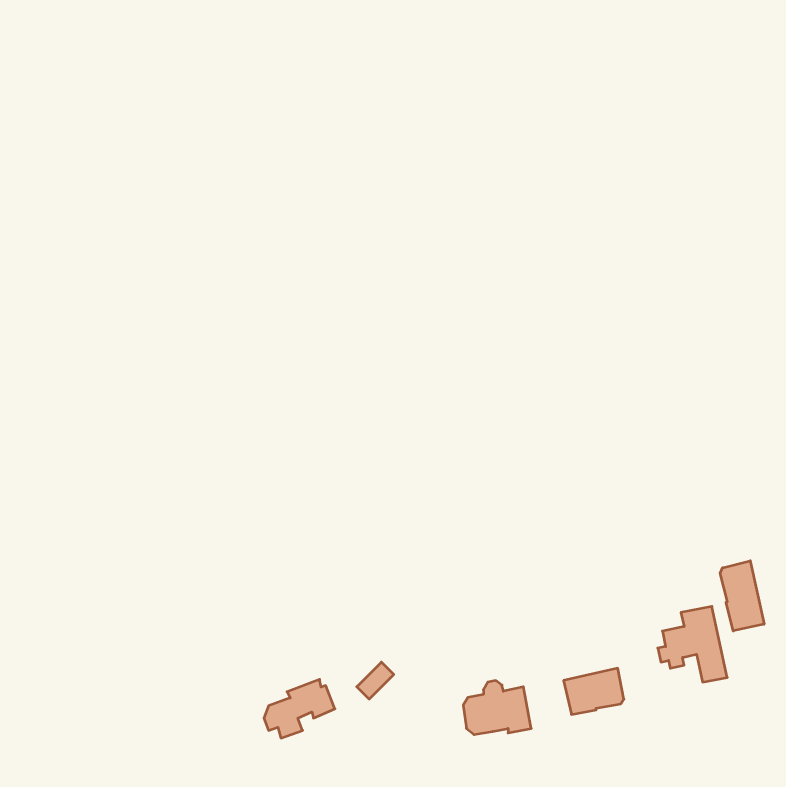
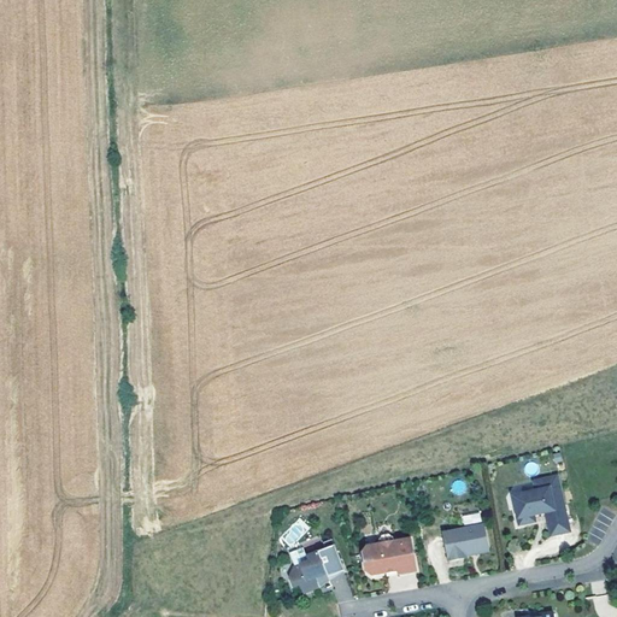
building: [720,561,764,631] -> none
building: [264,679,335,738] -> [290,546,346,592]

